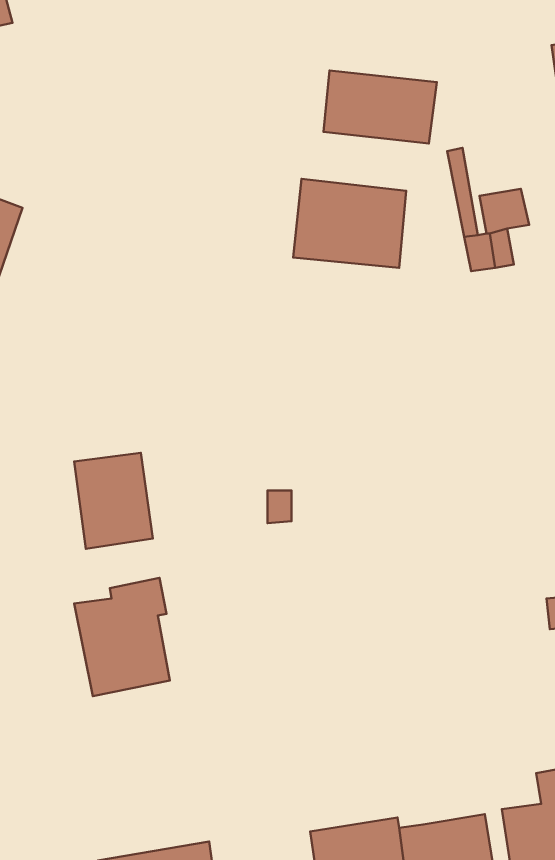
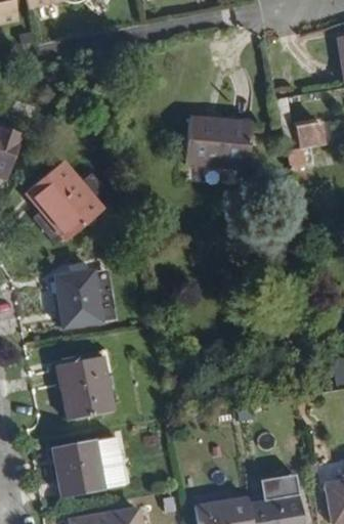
building: [324,70,437,144] -> none
building: none -> [22,164,99,244]
building: none -> [50,442,124,501]
building: none -> [261,471,301,498]

